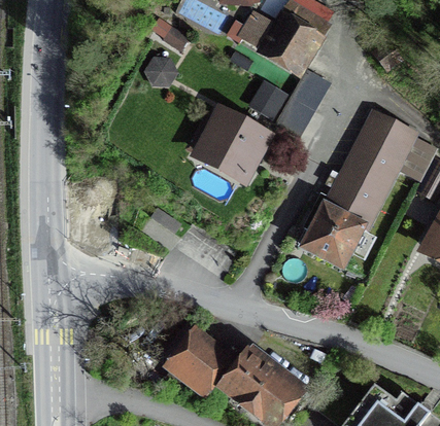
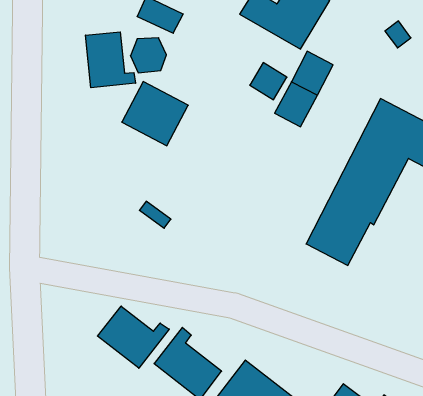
building: none -> [86,32,136,88]
building: [201,115,262,174] -> [122,82,188,146]
building: none -> [97,306,169,368]

